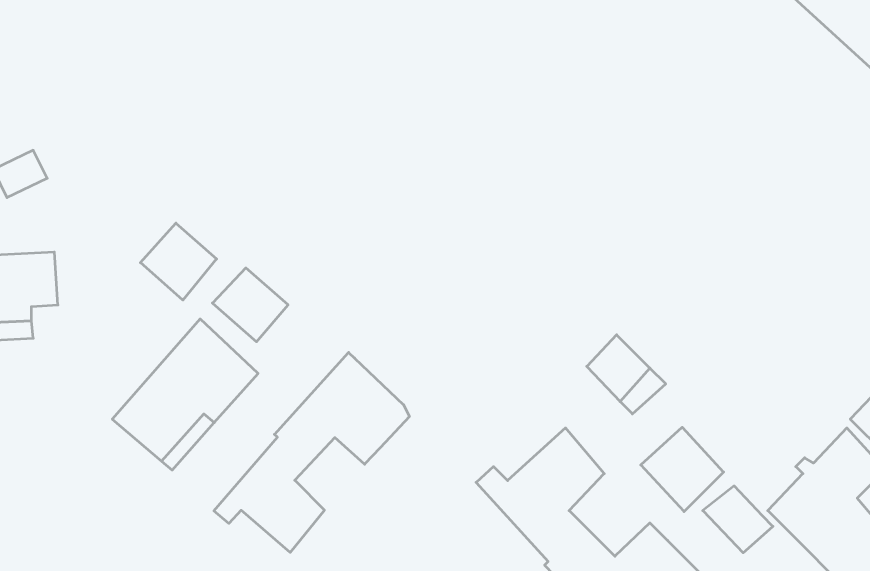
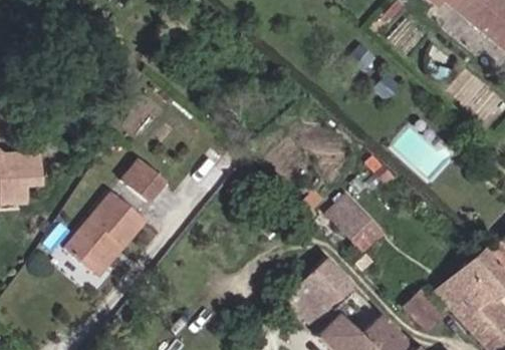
building: [140,223,217,300] -> none
building: [214,352,409,552] -> none
building: [641,427,724,512] -> none

